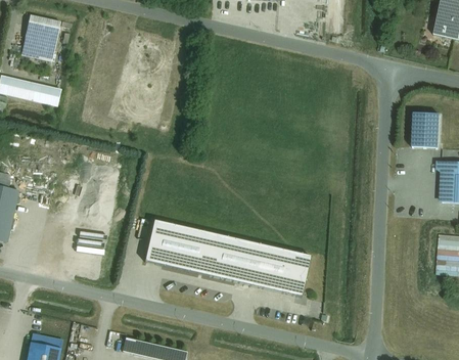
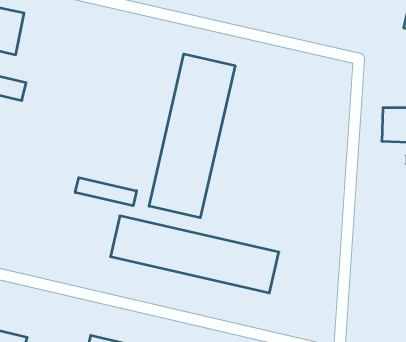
building: none -> [149,54,235,218]
building: none -> [75,178,137,206]

